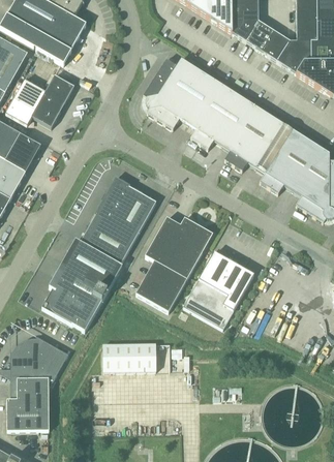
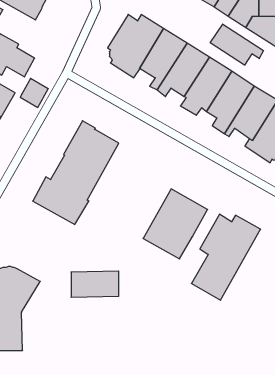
building: none -> [210,24,263,65]
building: [42,73,73,105] -> [20,78,48,107]
building: [135,215,212,310] -> [191,214,261,300]
building: [41,264,107,330] -> none

